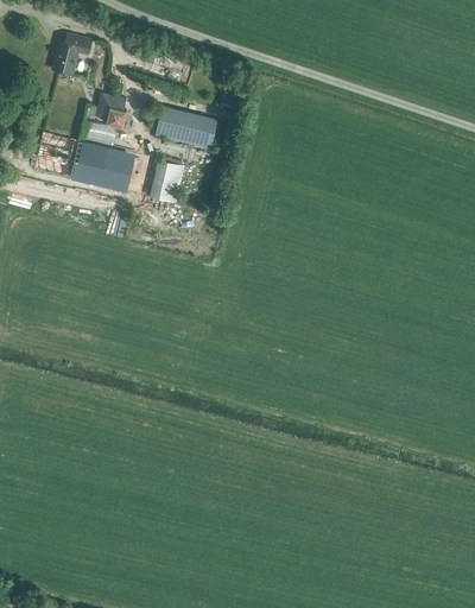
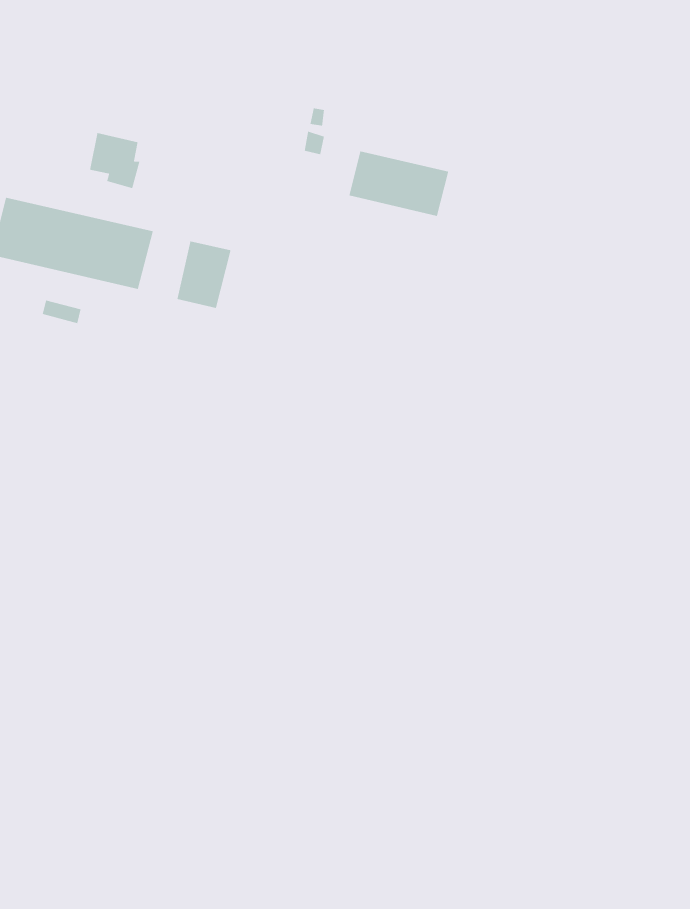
building: [53,33,93,75] -> none
building: [156,107,218,148] -> [348,150,449,217]

